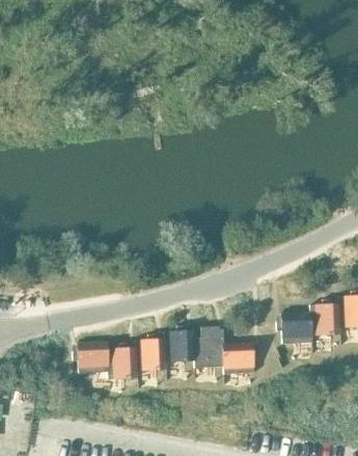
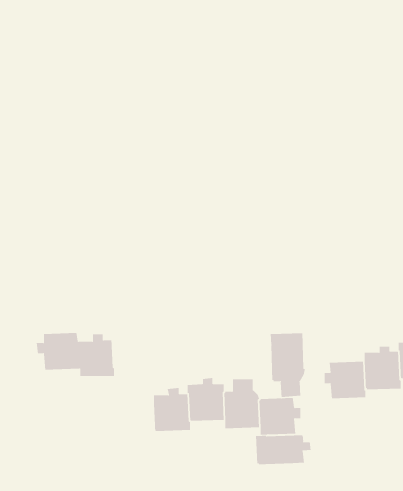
building: none -> [270,333,305,398]
building: [73,342,138,378] -> [36,332,115,376]
building: none -> [255,435,311,465]

